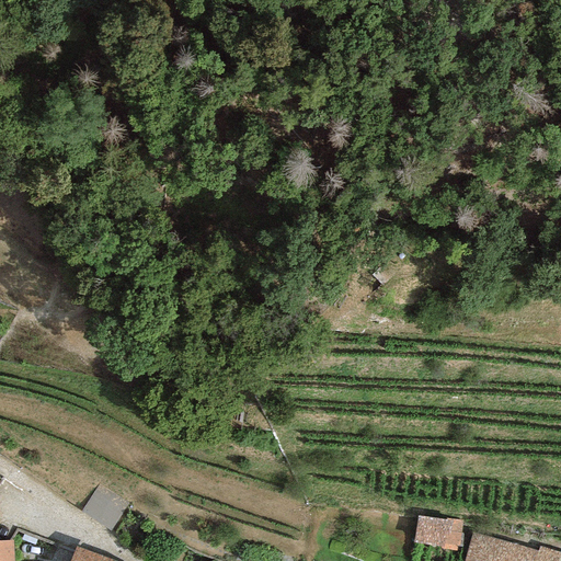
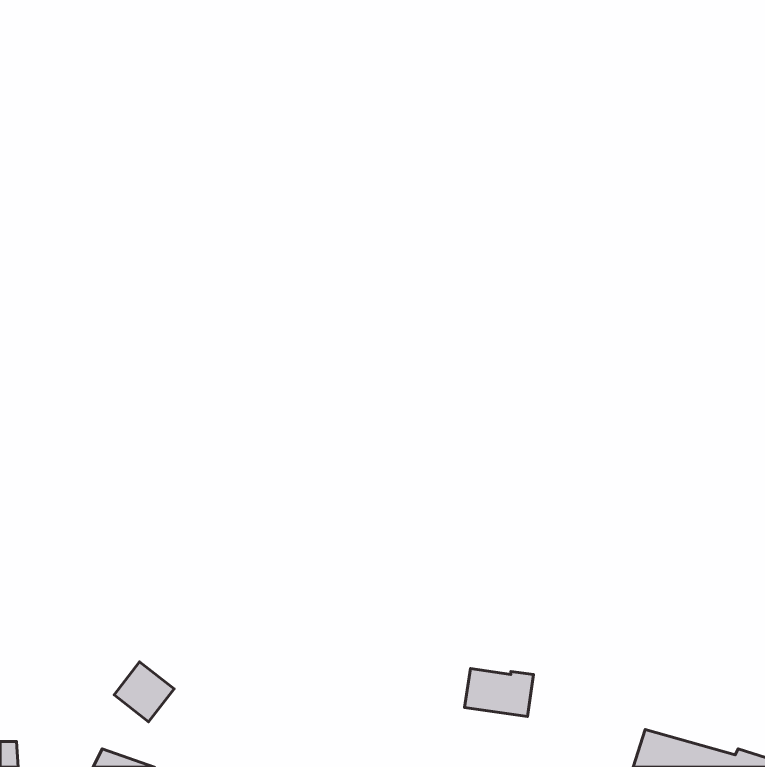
building: [413,516,463,551] -> [464,669,533,717]

